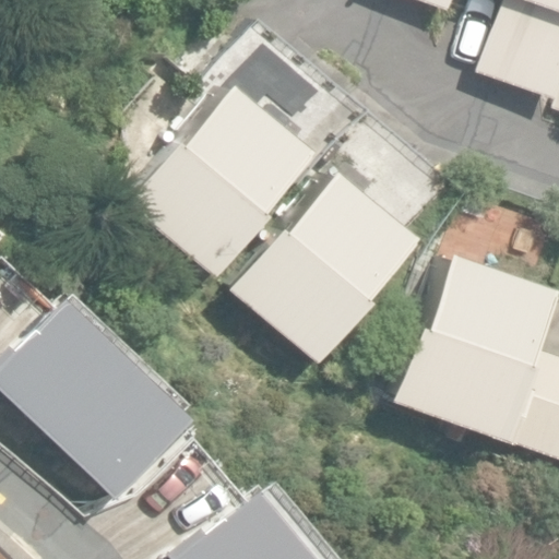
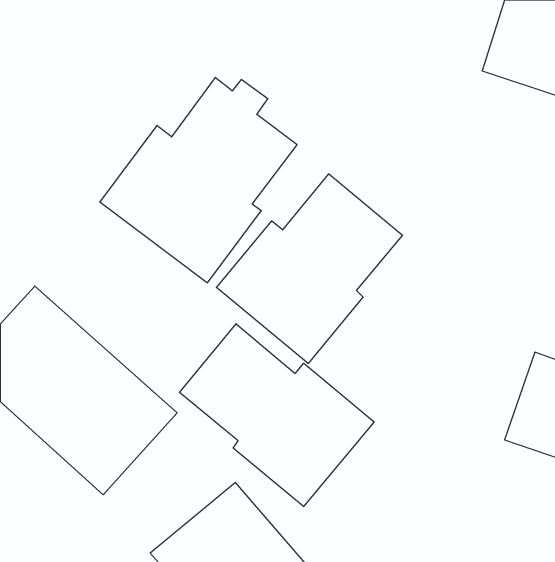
building: [393,257,547,439] -> none
building: none -> [179,324,374,507]

